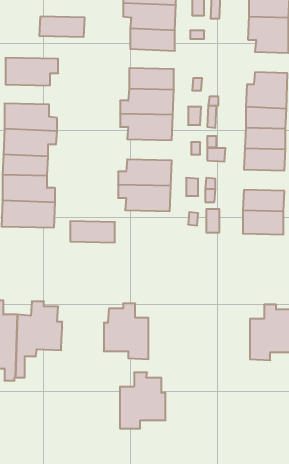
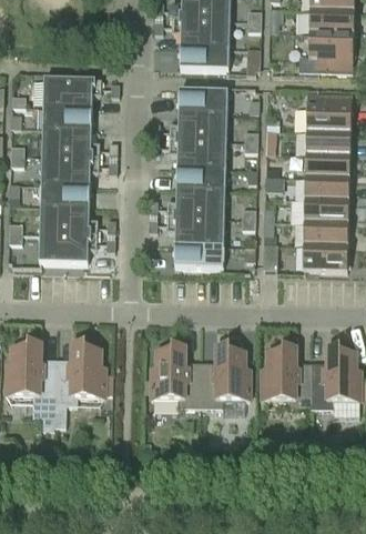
building: [39,17,85,37] -> [42,105,92,128]
building: none -> [176,165,225,189]
building: none -> [304,199,348,222]
building: [70,221,115,242] -> [174,243,223,266]
building: none -> [262,346,311,406]
building: [120,373,166,428] -> [200,345,250,406]

